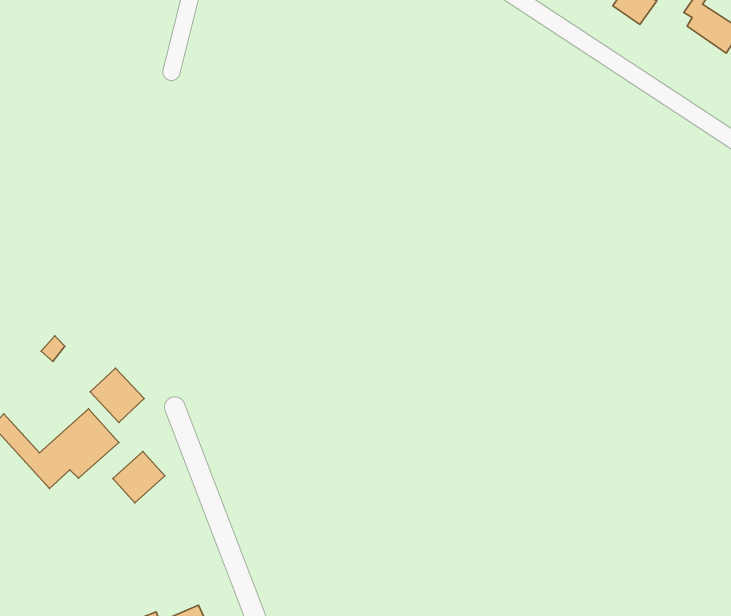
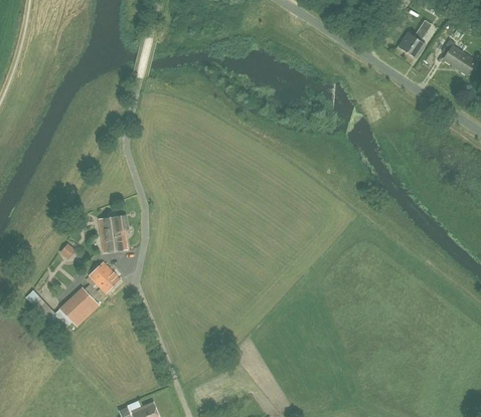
building: none -> [98,216,127,252]
building: [113,452,165,503] -> none

